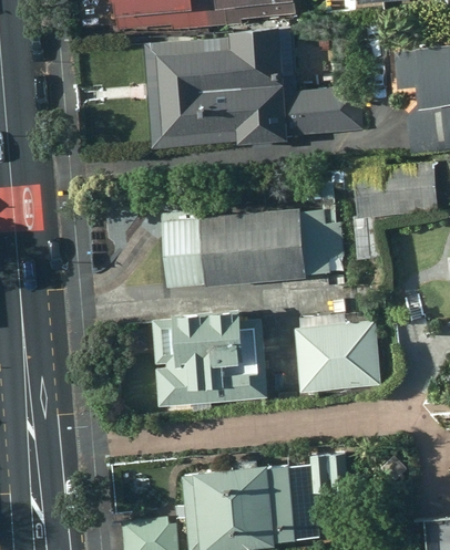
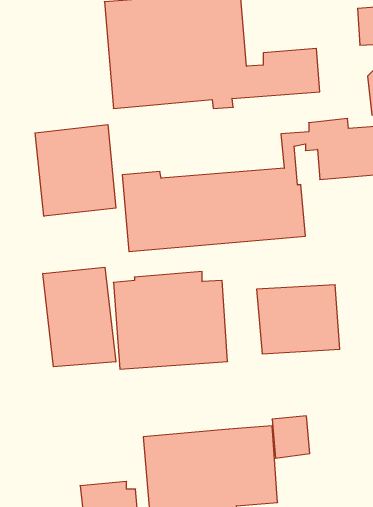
building: none -> [35,125,116,216]
building: none -> [43,267,116,367]

